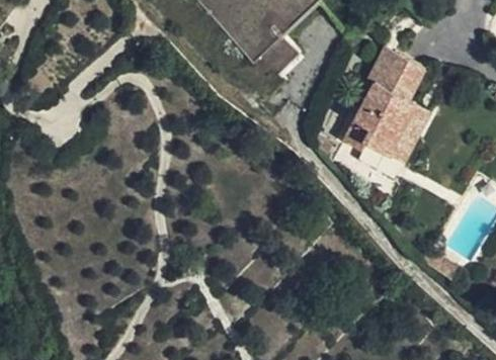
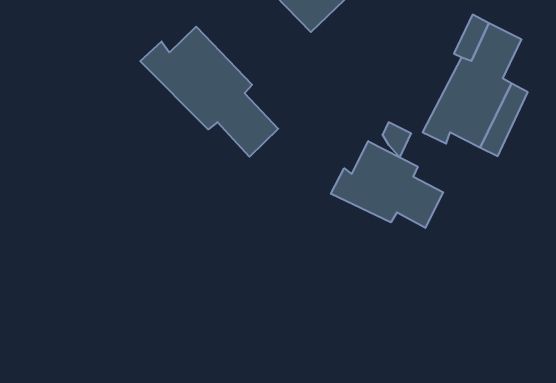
building: none -> [140,27,278,157]
building: none -> [331,141,443,228]

